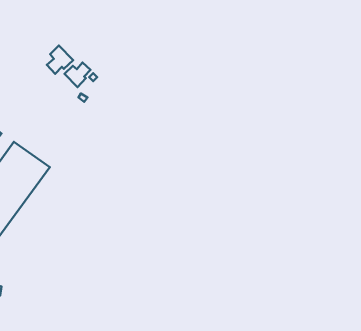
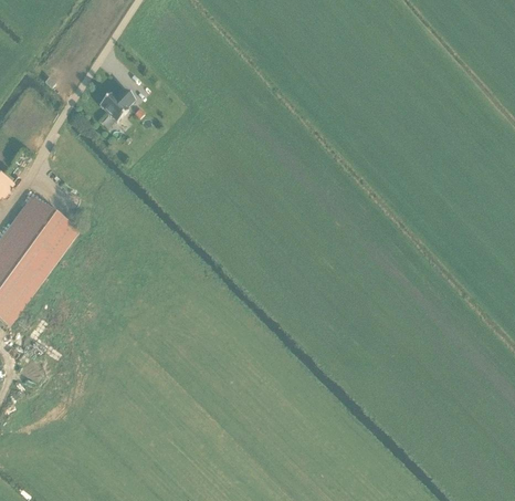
building: [47,46,73,74] -> none

